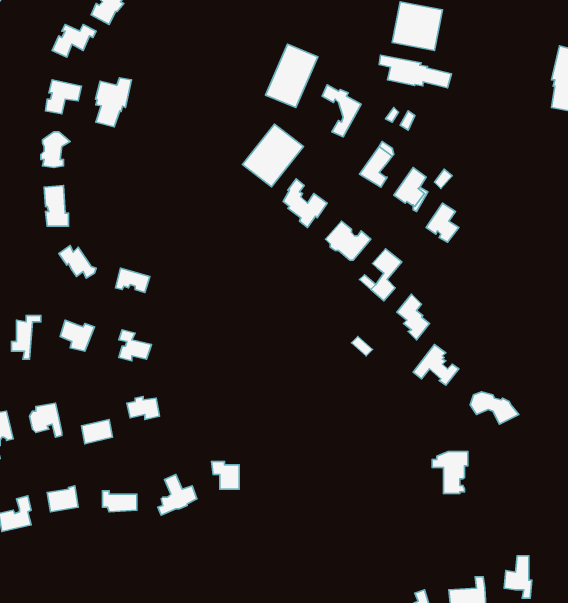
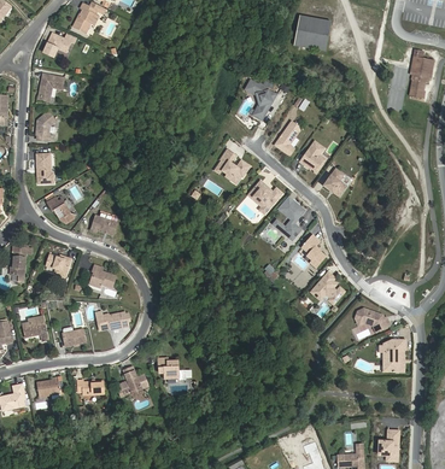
building: [266,44,318,108] -> none
building: [379,55,451,88] -> none
building: [95,78,132,127] -> none
building: [243,124,303,187] -> none
building: [432,451,468,494] -> [379,338,405,369]

